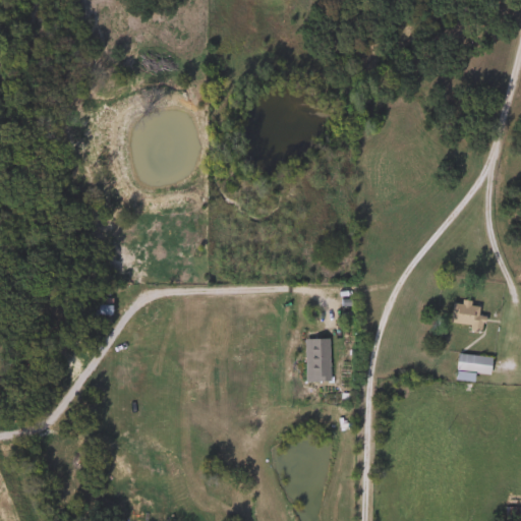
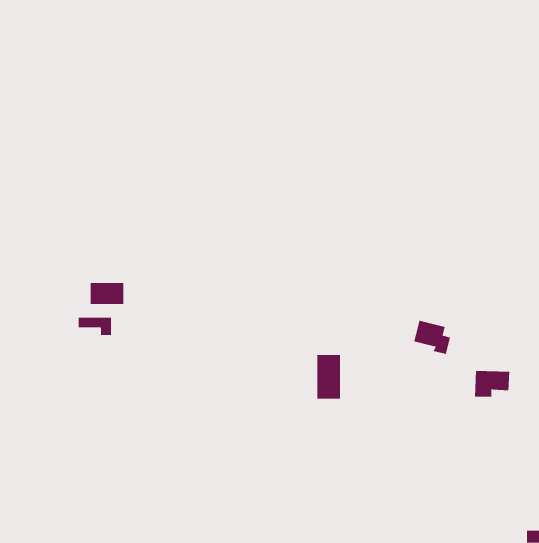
building: none -> [90,282,124,305]
building: [451,300,486,333] -> [414,320,451,354]

